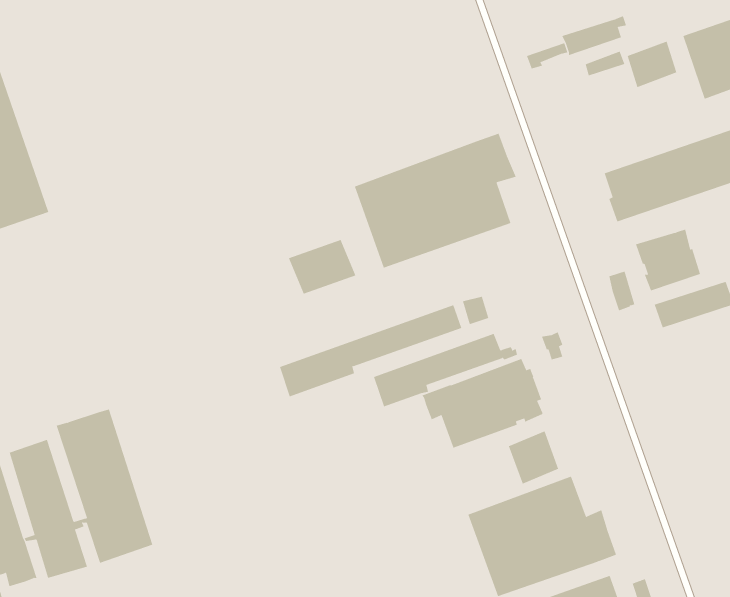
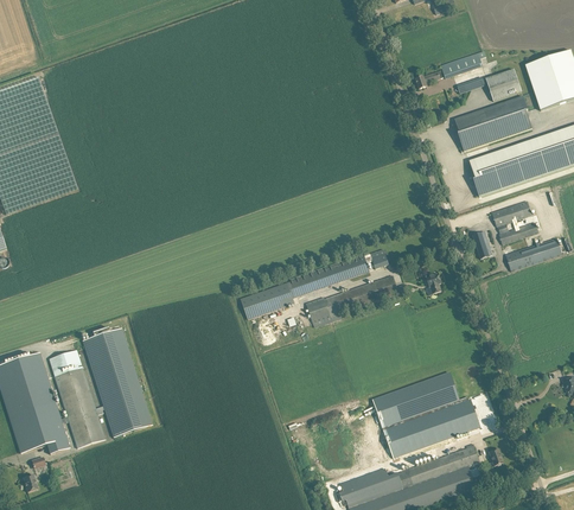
building: none -> [455,96,532,151]
building: [354,133,517,268] -> none
building: [288,239,356,295] -> none
building: [422,358,543,448] -> none
building: [508,431,559,484] -> none

